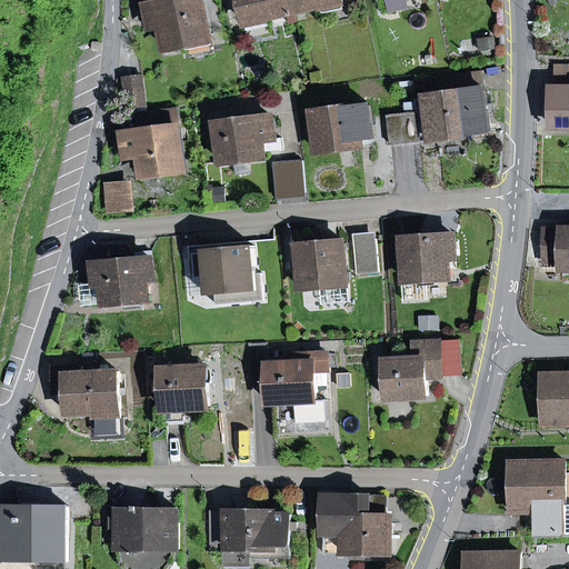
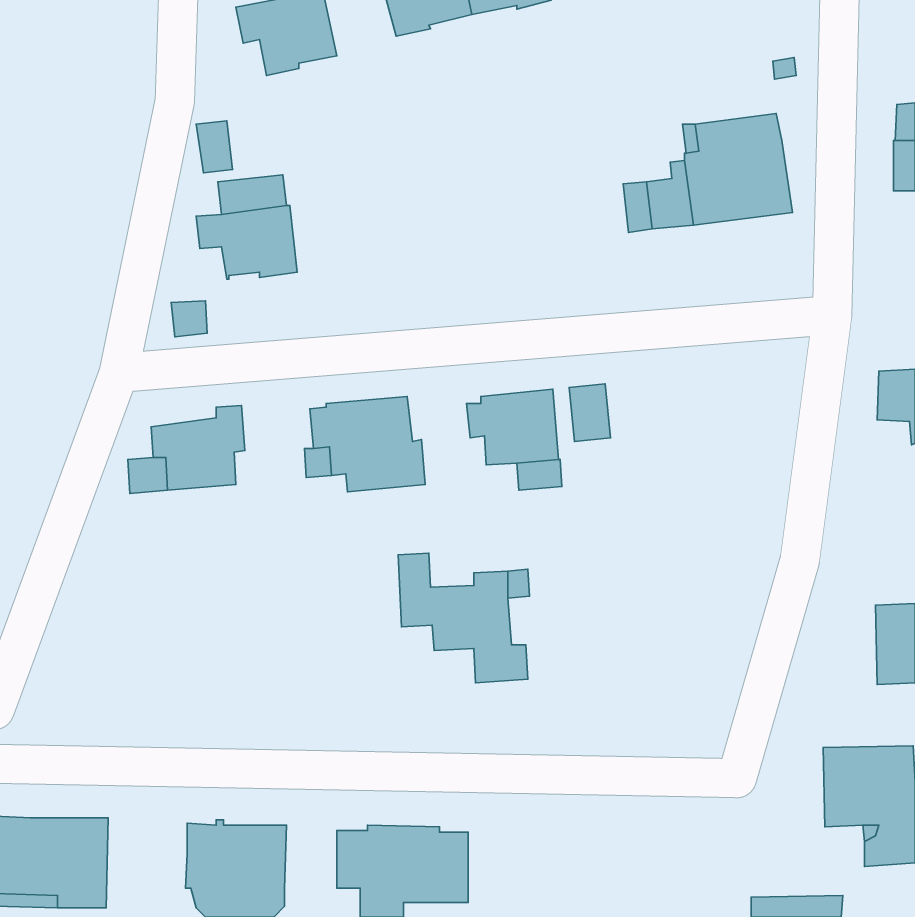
building: [311,102,371,150] -> none
building: [216,116,272,160] -> none
building: [271,159,303,193] -> none
building: [401,234,453,279] -> none
building: [382,339,459,396] -> none
building: [161,361,208,421] -> none
building: [53,366,118,412] -> none
building: [321,495,388,553] -> none

